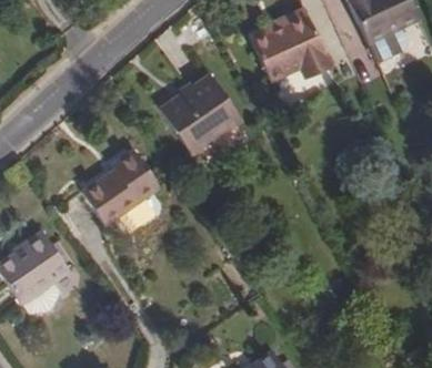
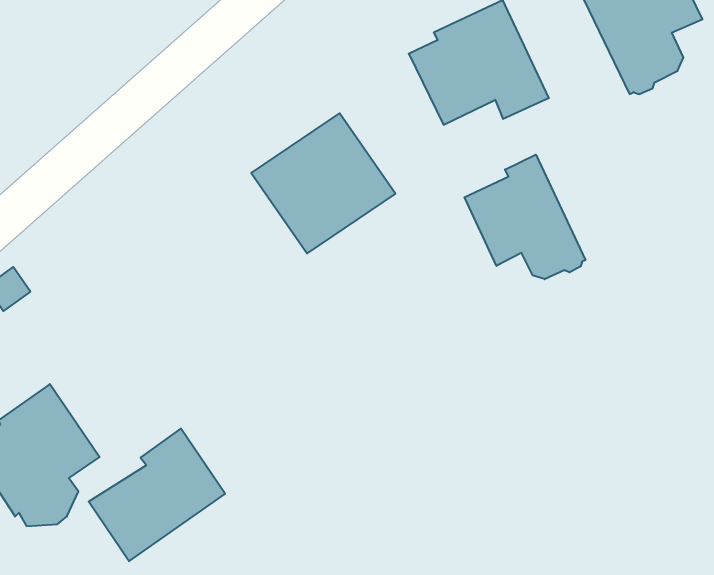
building: none -> [464,155,585,279]
building: [82,149,161,225] -> [89,429,225,561]

